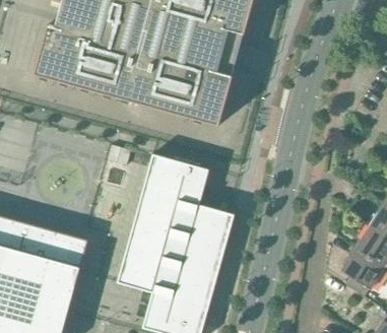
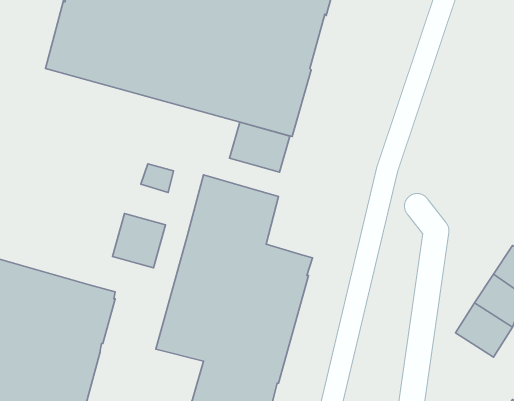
building: none -> [230,122,290,172]
building: none -> [112,213,165,268]

